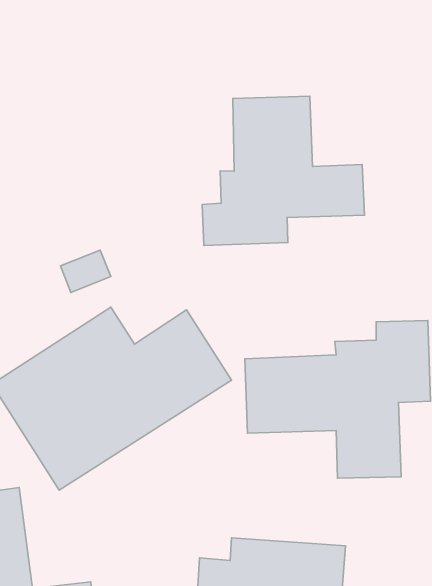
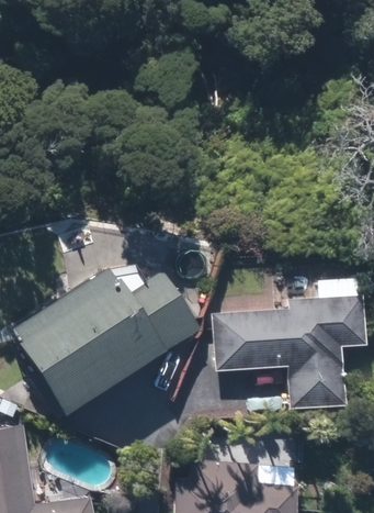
building: [202,96,364,245] -> none

